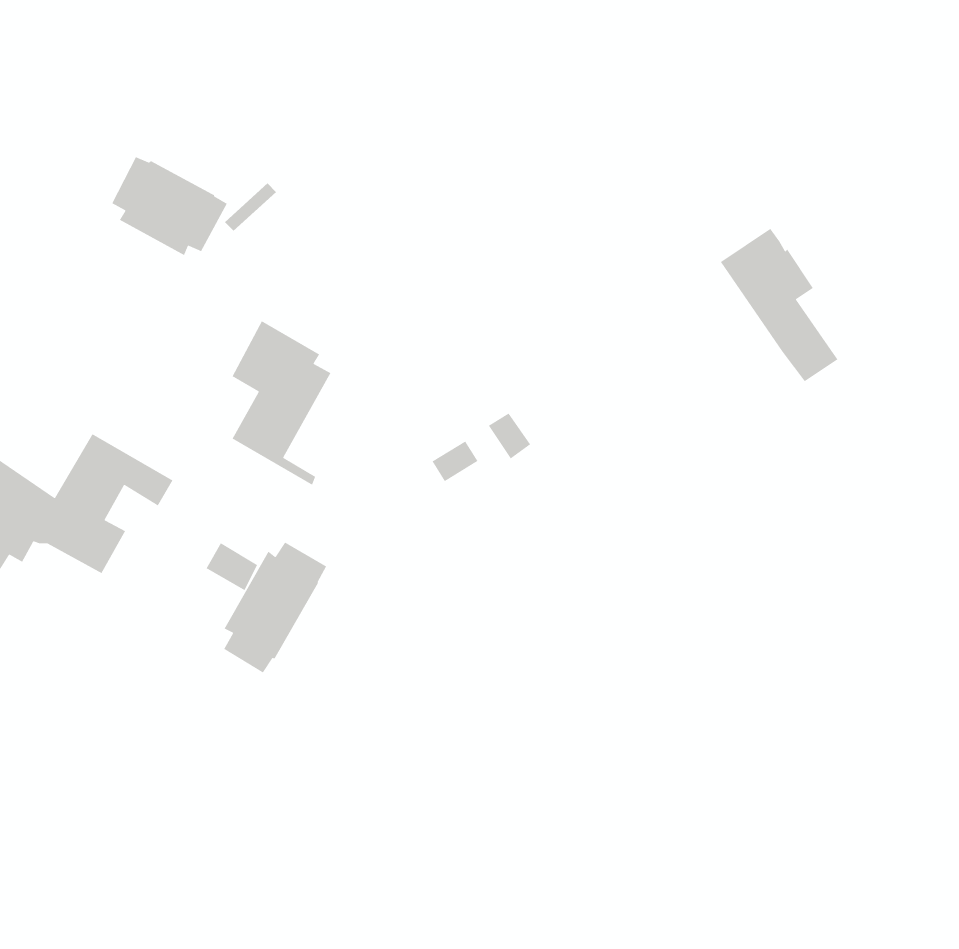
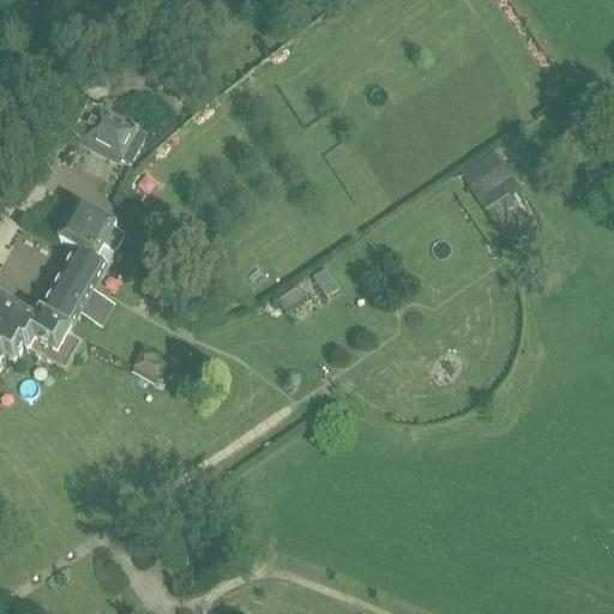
building: [231,320,331,486] -> [59,200,122,306]
building: [223,542,327,673] -> none

